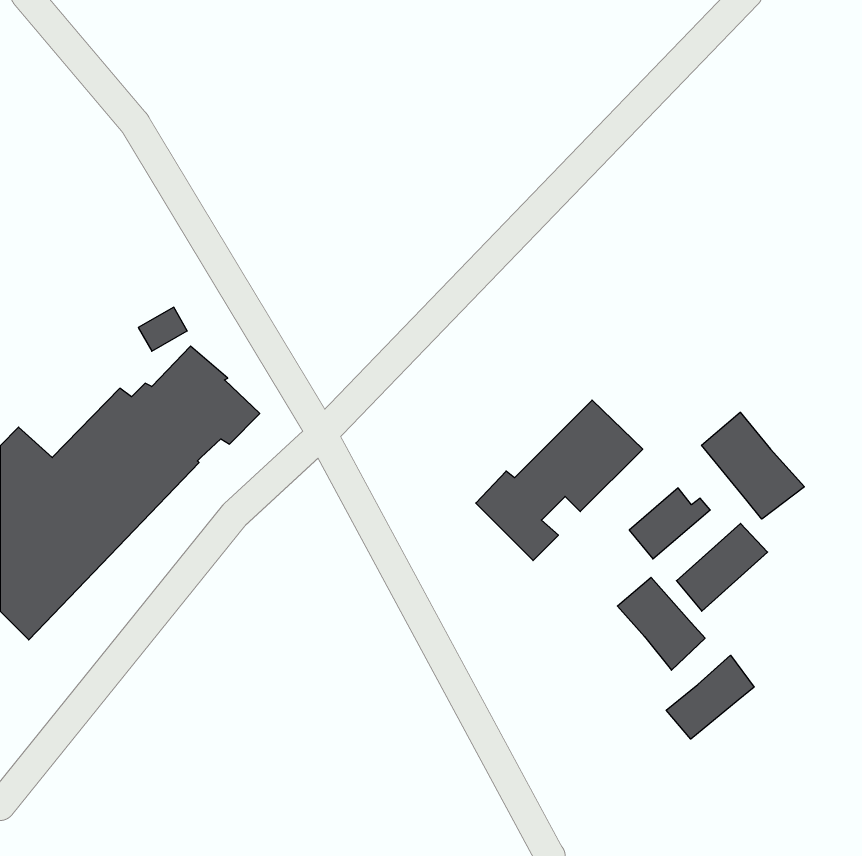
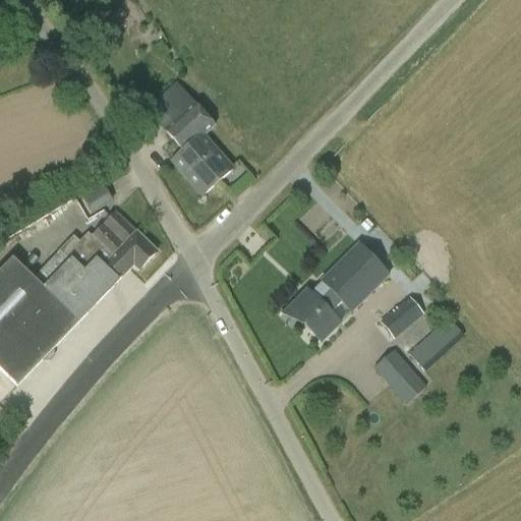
building: none -> [143,79,237,192]
building: [702,412,804,519] -> none
building: [666,655,754,739] -> none

